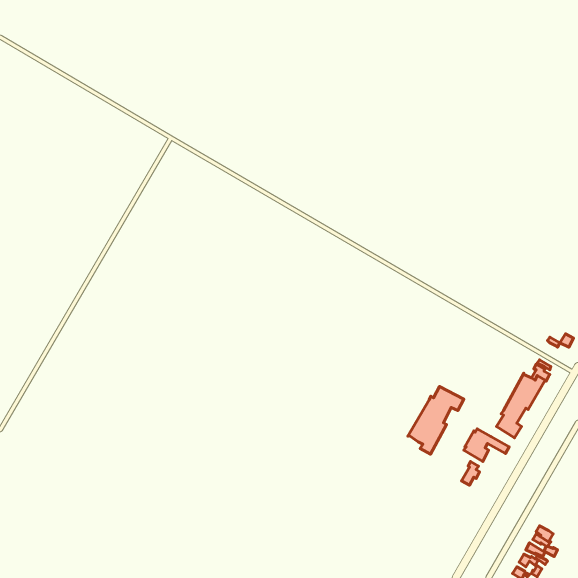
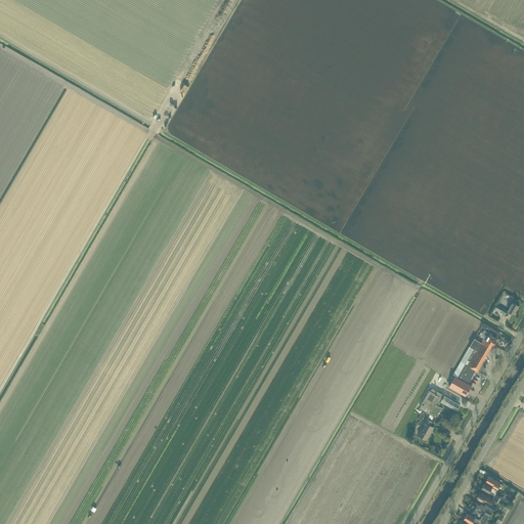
building: [408,386,464,454] -> none

